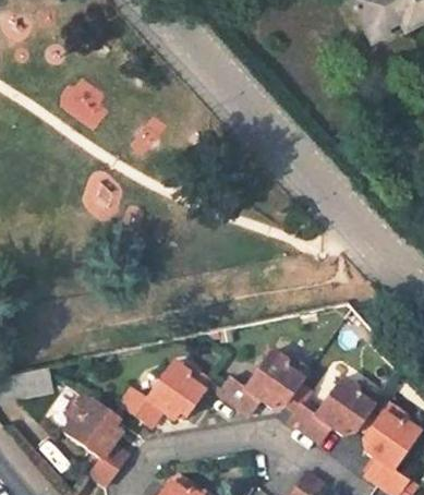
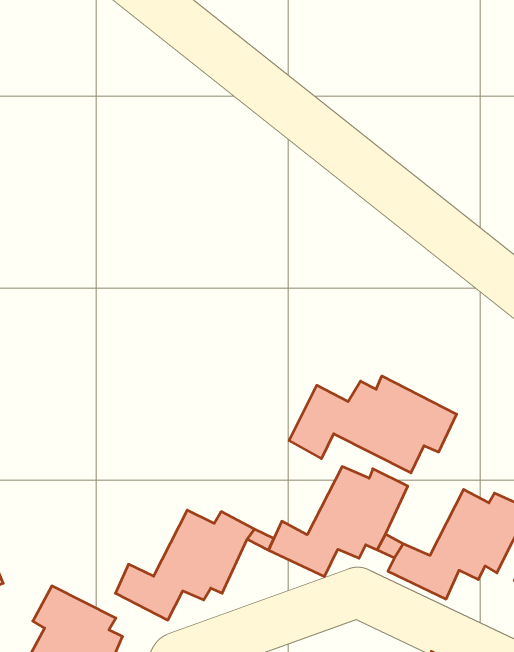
building: none -> [289,376,457,473]

